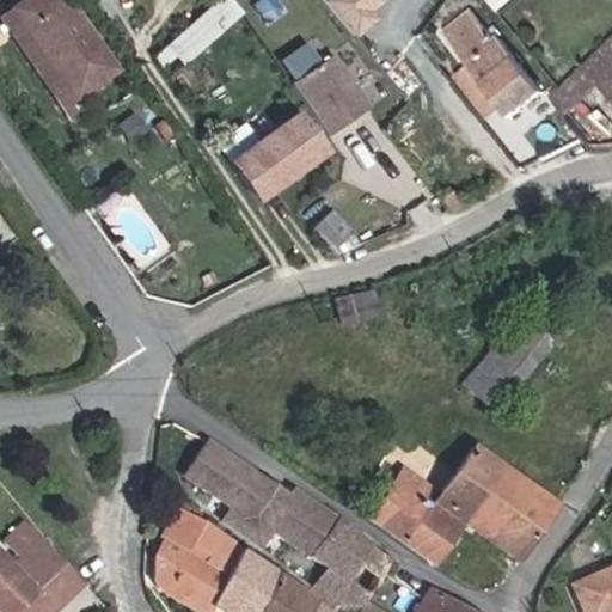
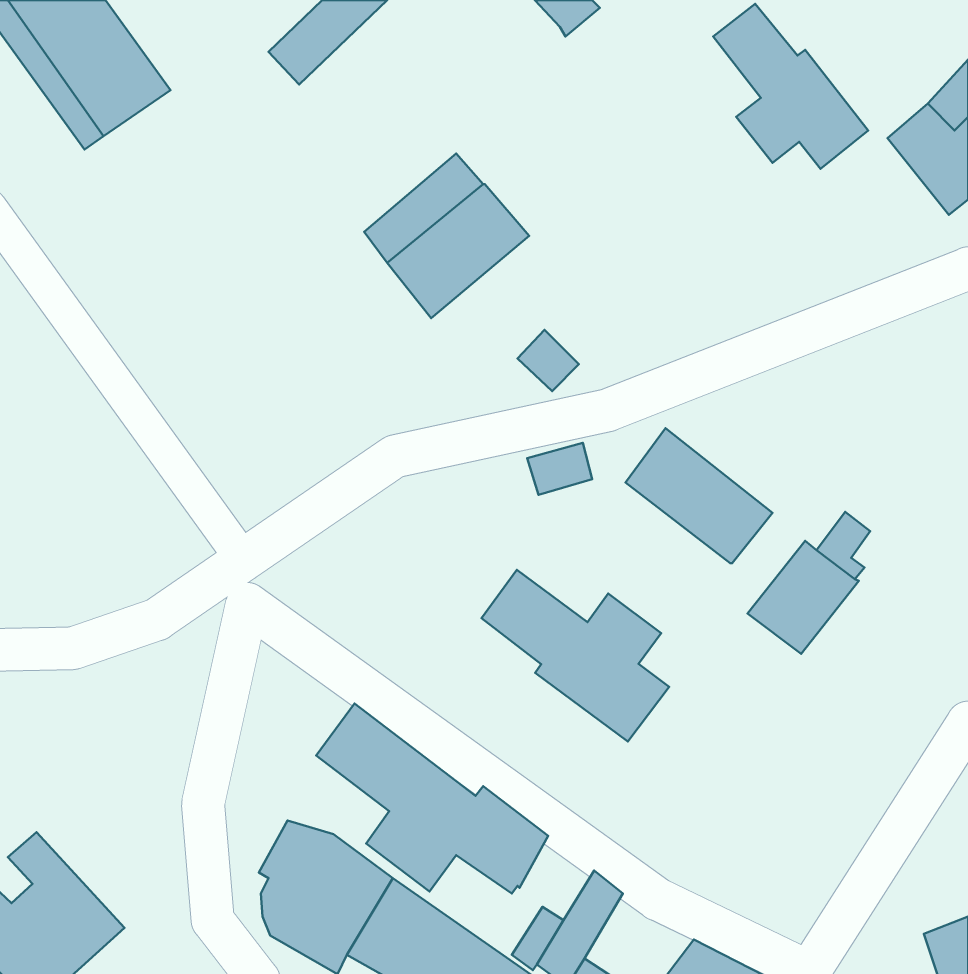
building: [289,43,371,134] -> none
building: none -> [626,428,772,563]
building: none -> [482,570,669,742]
building: [373,448,565,564] -> none
building: [324,525,371,577] -> none

